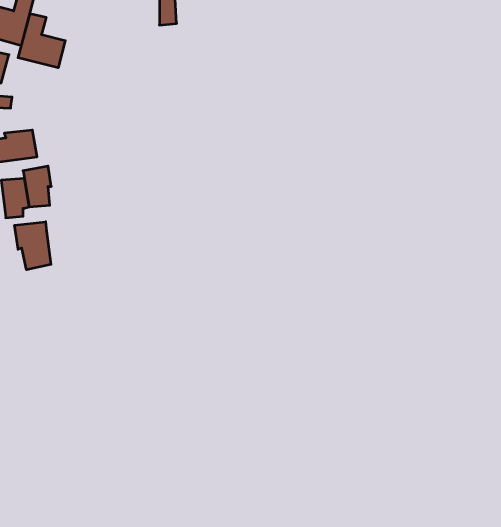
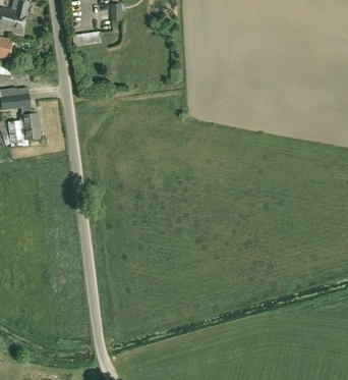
building: [18,14,65,68] -> none
building: [15,222,51,270] -> none

